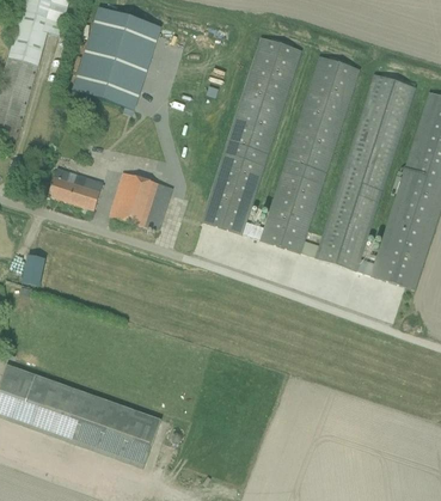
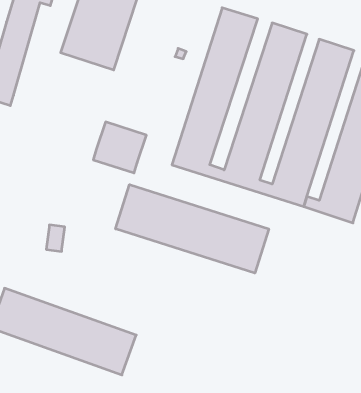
building: [48,167,103,210] -> none
building: none -> [116,185,269,273]
building: [18,255,39,286] -> [46,225,65,251]

